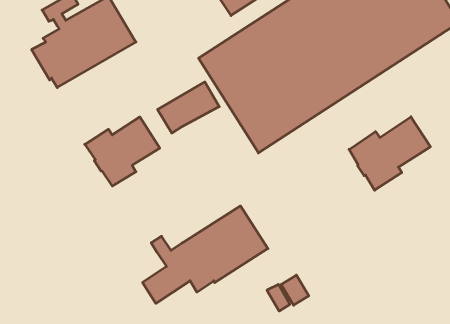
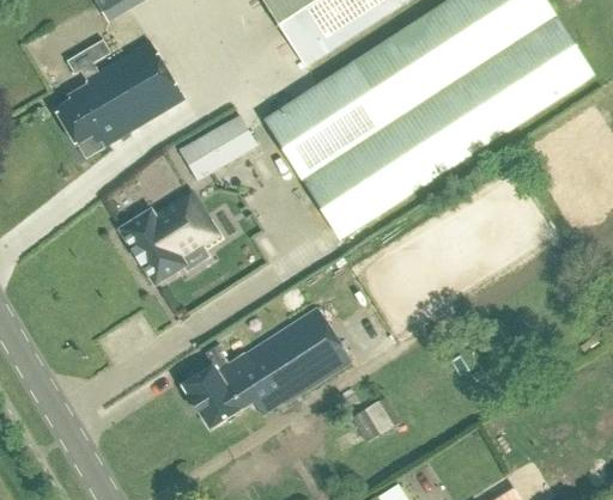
building: [158,82,219,133] -> [178,115,256,179]
building: [349,117,430,190] -> none
building: none -> [181,365,223,403]

